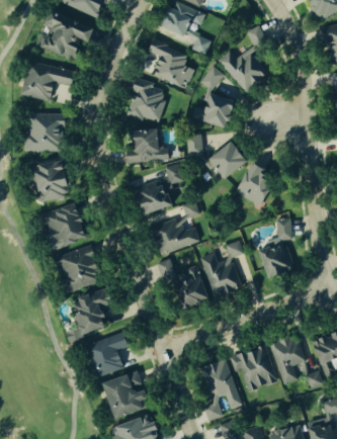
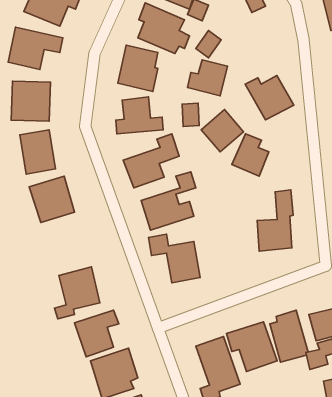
building: [223,49,269,91] -> [245,76,294,120]
building: [203,241,246,296] -> none
building: [61,247,102,292] -> none

